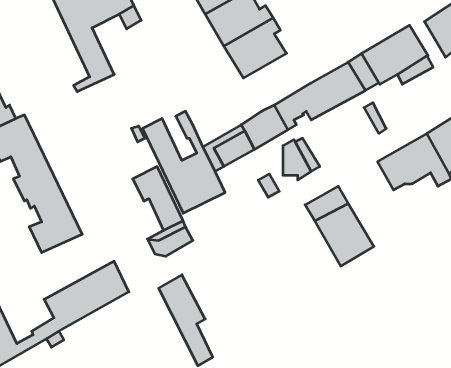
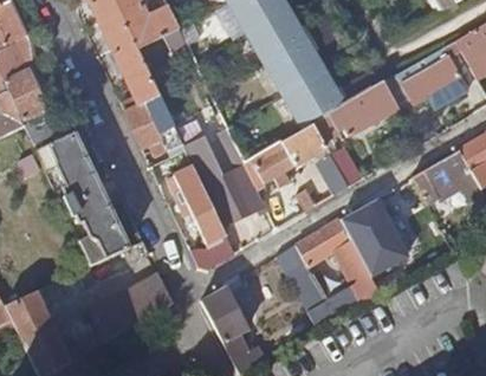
building: none -> [283,72,348,128]
building: none -> [123,92,168,148]
building: none -> [276,218,378,326]

